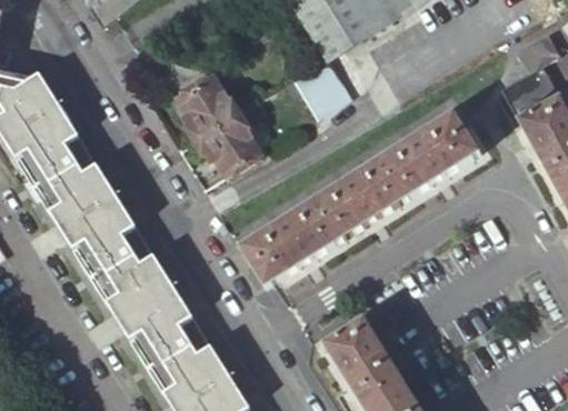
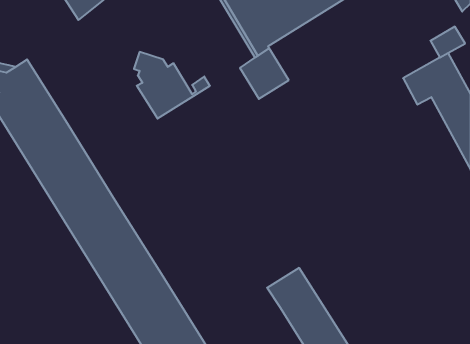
building: [195,102,265,176] -> none
building: [239,111,478,284] -> none

